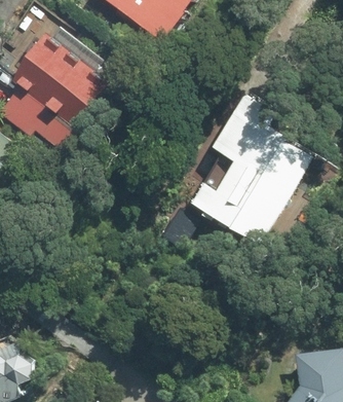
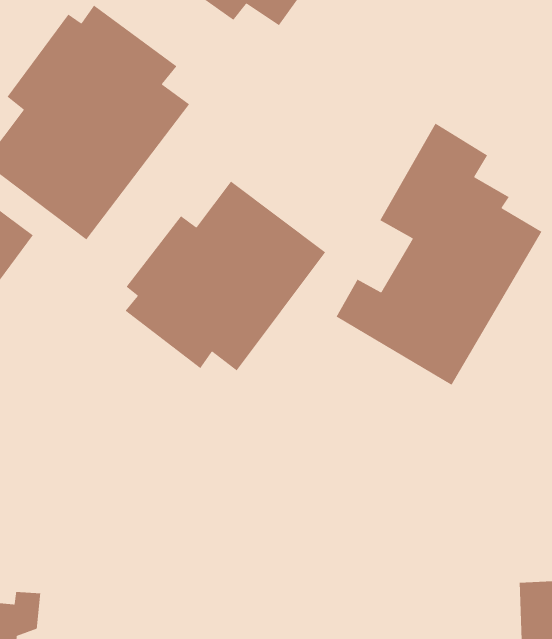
building: none -> [125,180,326,372]

